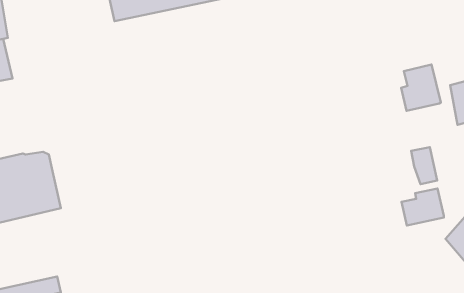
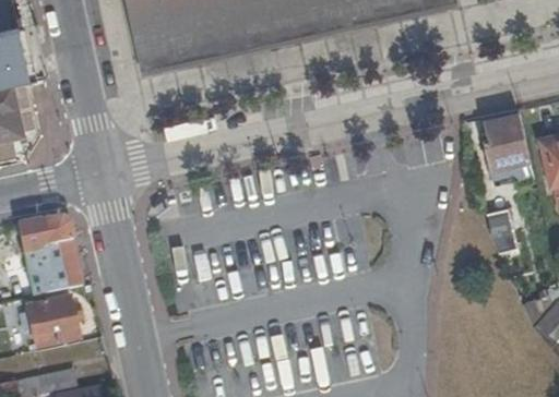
building: [402,188,444,225] -> none
building: none -> [26,292,76,342]

